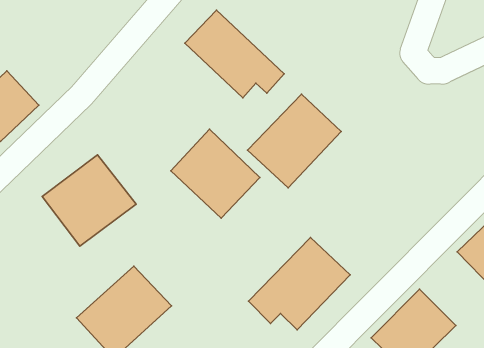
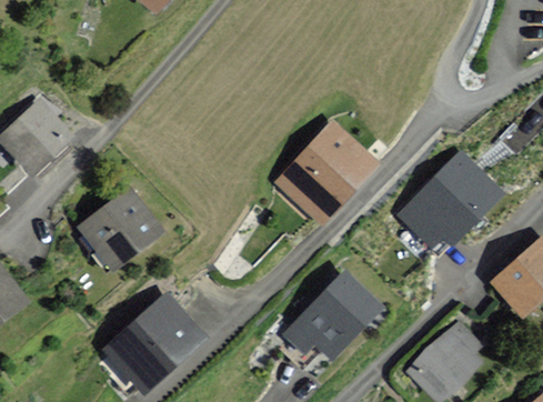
building: [185,10,284,98] -> none
building: none -> [403,144,506,252]
building: [171,129,260,218] -> none

